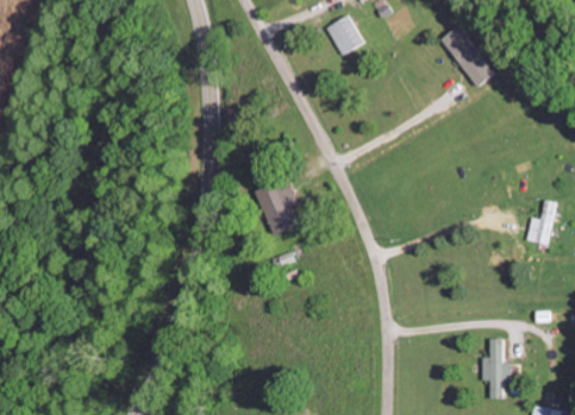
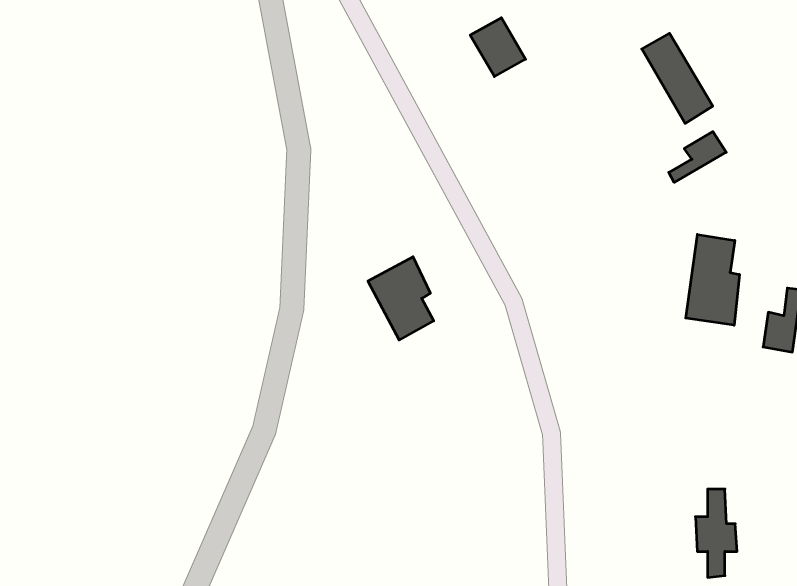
building: none -> [669,132,726,182]
building: none -> [686,234,739,325]

